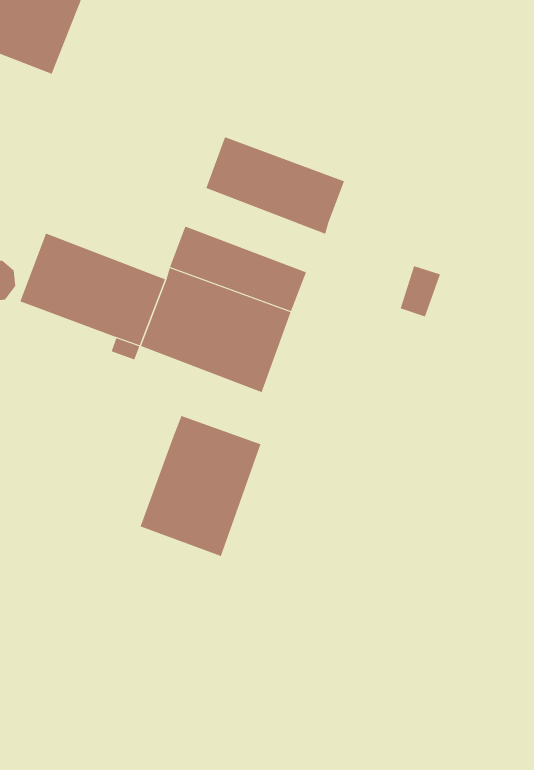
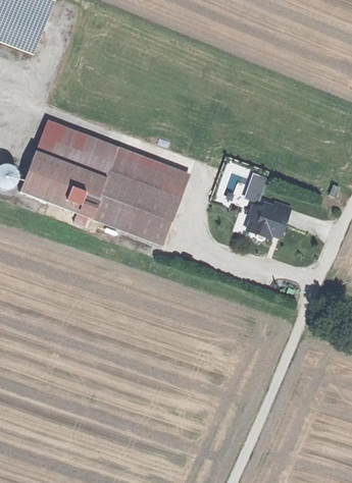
building: [206,136,345,234] -> [33,119,115,177]
building: none -> [245,200,289,238]
building: [140,415,261,557] -> none

